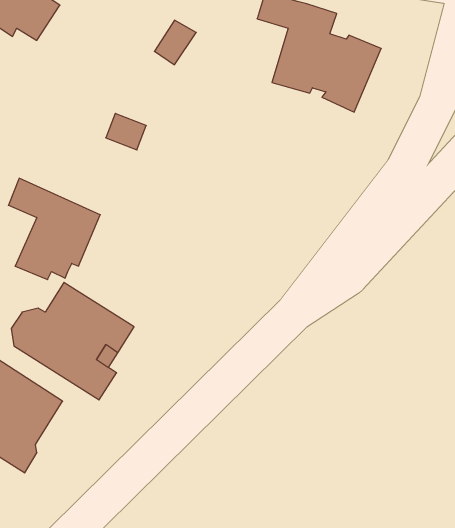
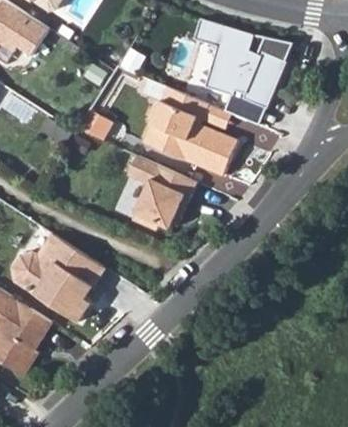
building: none -> [156,92,251,181]
building: [8,178,100,280] -> [127,155,195,230]

